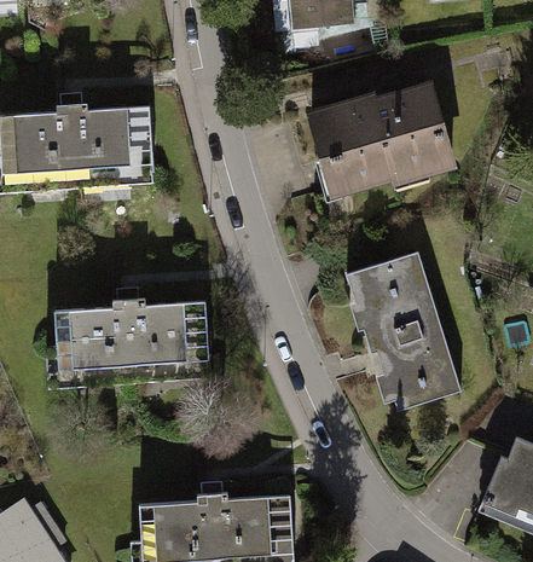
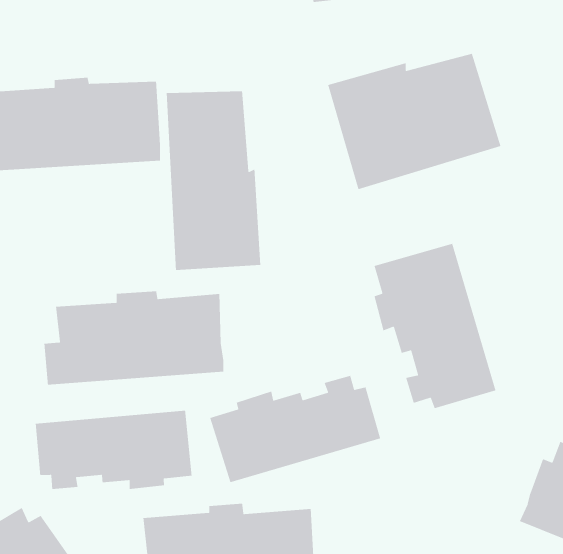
building: none -> [166,90,261,271]
building: none -> [209,375,381,483]
building: none -> [35,410,193,490]

